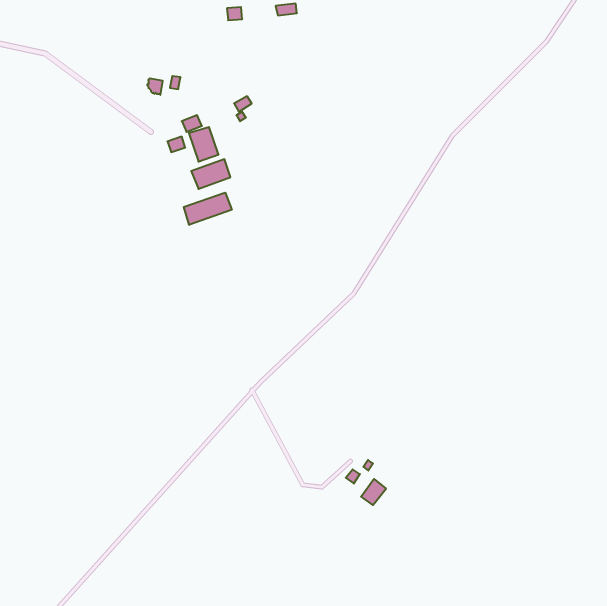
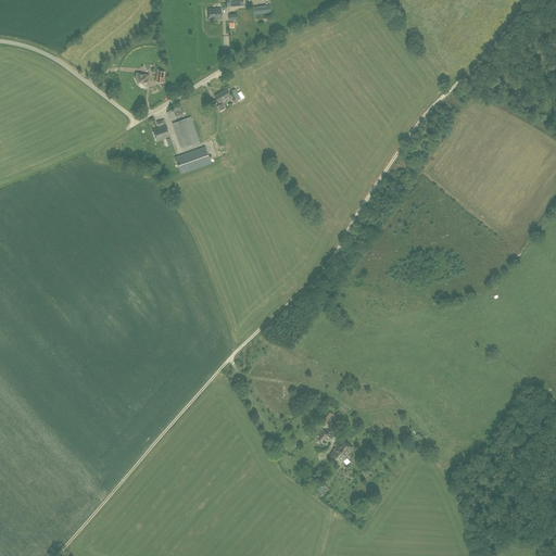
building: [184,193,232,225] -> none

